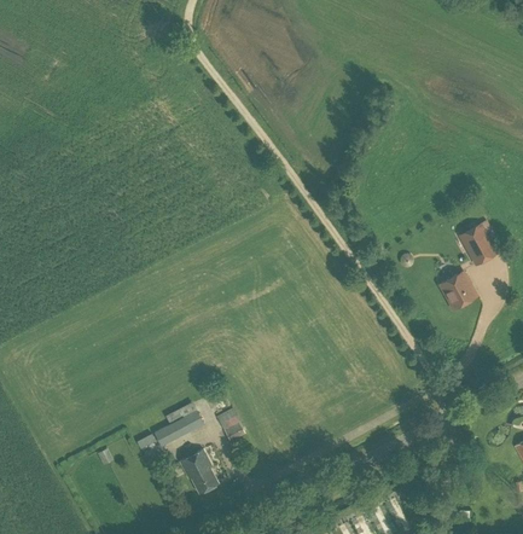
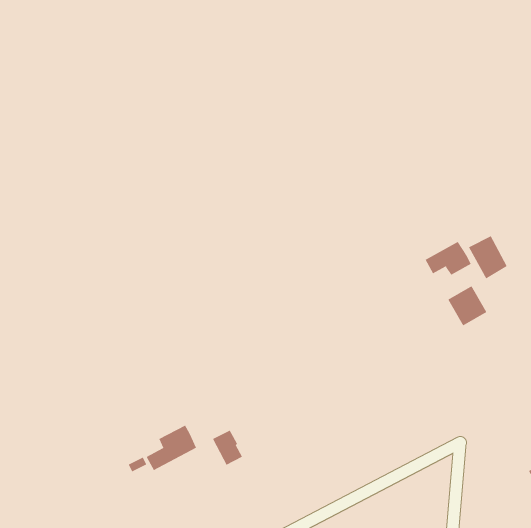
building: none -> [425,241,471,276]
building: [179,449,217,494] -> none

